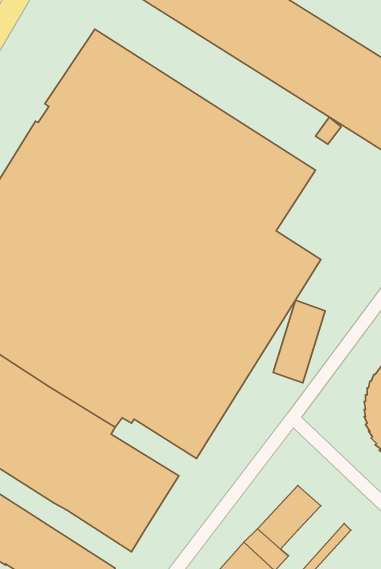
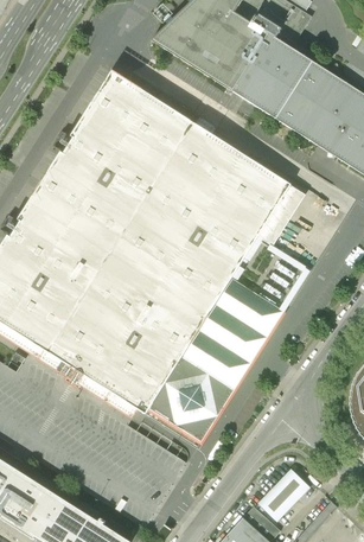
building: [273,300,325,383] -> none

